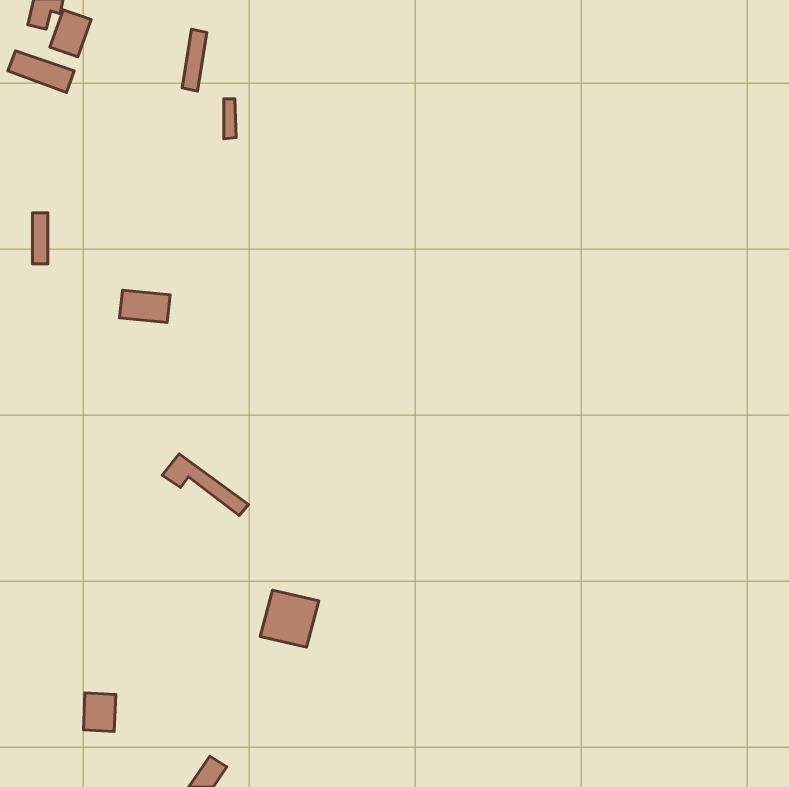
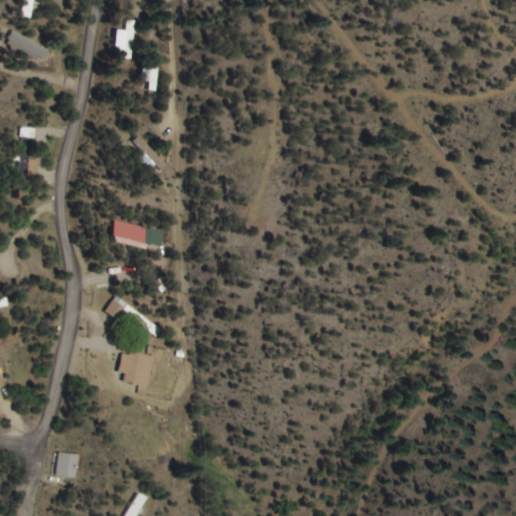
building: [50,10,91,57] -> none
building: [119,290,170,323] -> [112,222,145,243]
building: [260,590,319,647] -> [119,350,157,387]

